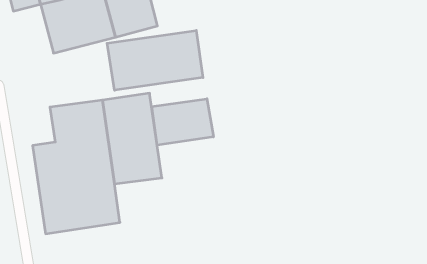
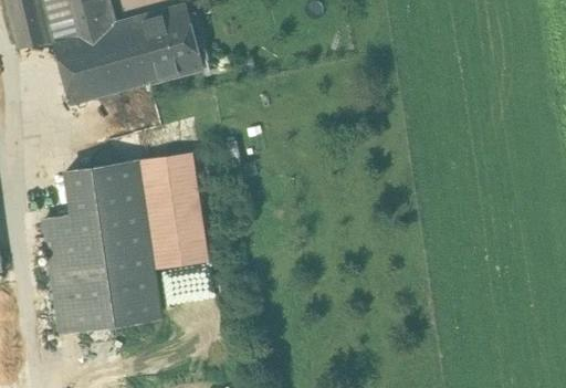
building: [107,30,203,90] -> none
building: [152,99,213,145] -> none

